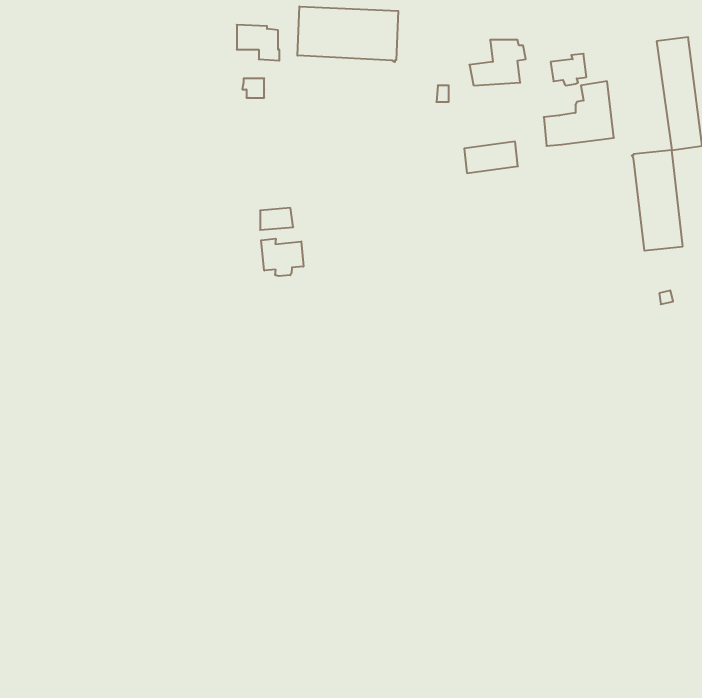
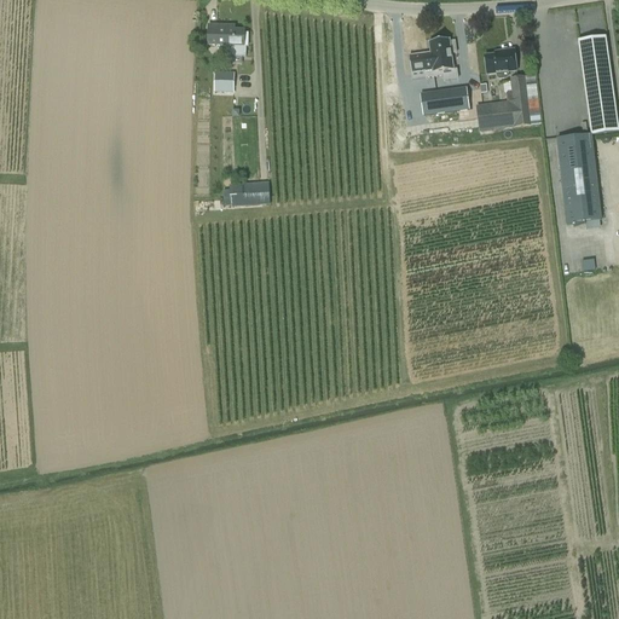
building: [297,6,398,62] -> none
building: [464,142,518,173] -> [421,85,468,112]
building: [261,239,303,276] -> none

